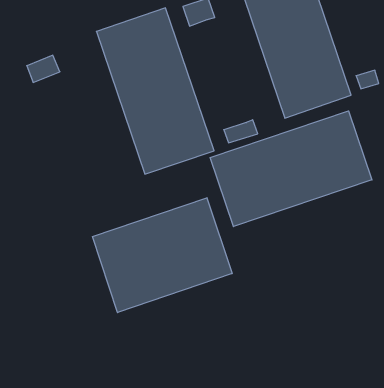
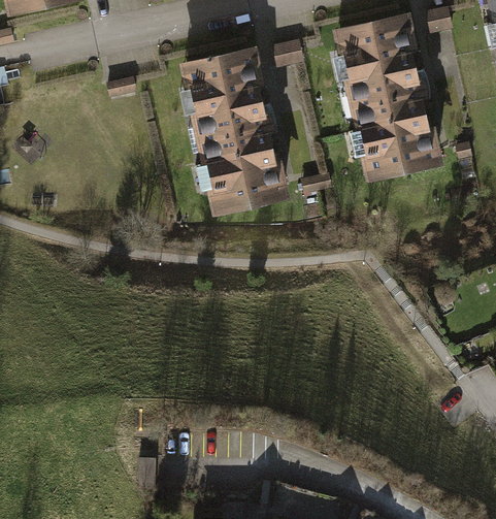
building: [210,111,372,227] -> none
building: [92,198,232,313] -> none

